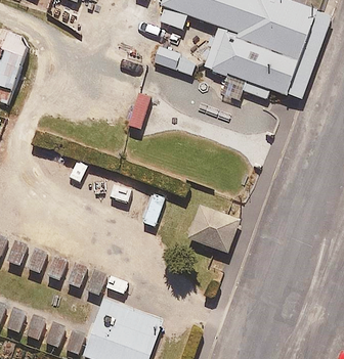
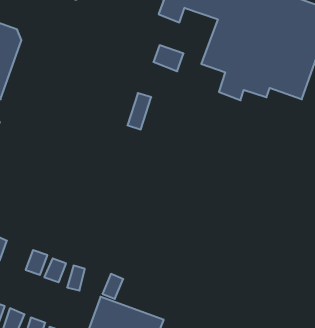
building: [190,208,242,255] -> none

